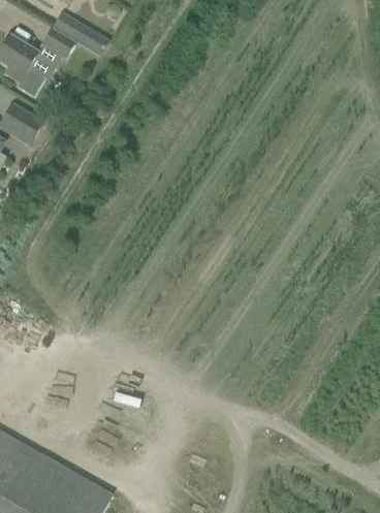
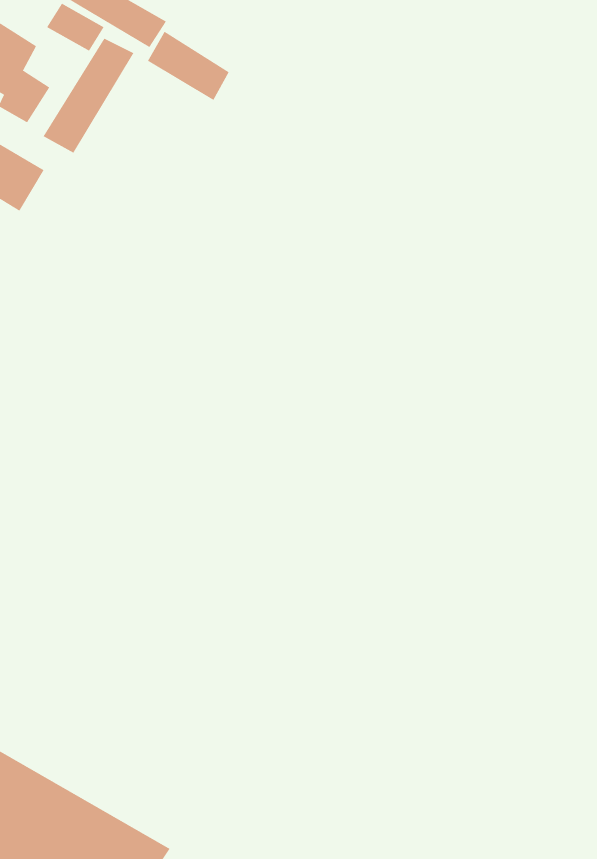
building: none -> [147,31,229,101]
building: none -> [43,38,134,154]

